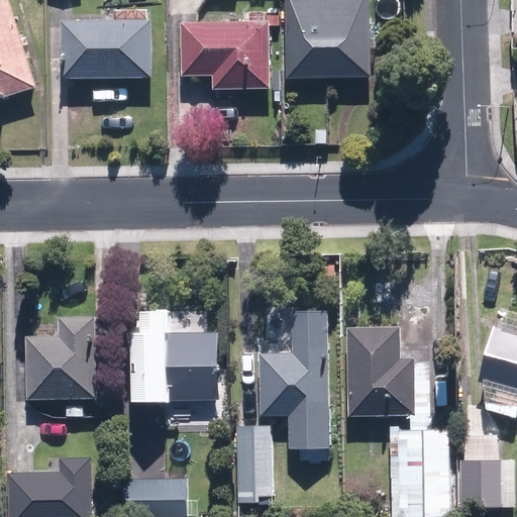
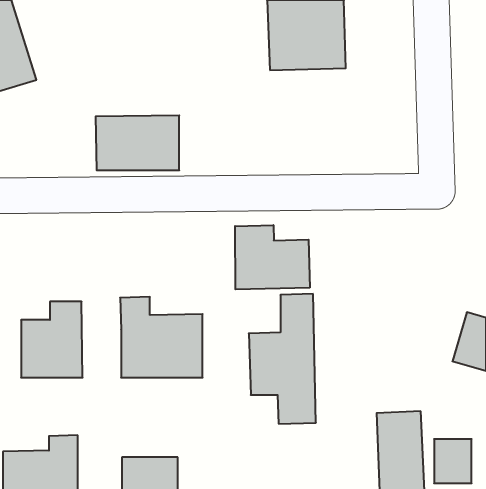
building: [65,20,152,78] -> [96,115,179,170]
building: [185,22,272,85] -> none
building: none -> [235,225,310,289]
building: [351,327,415,413] -> none
building: [236,426,274,503] -> none

